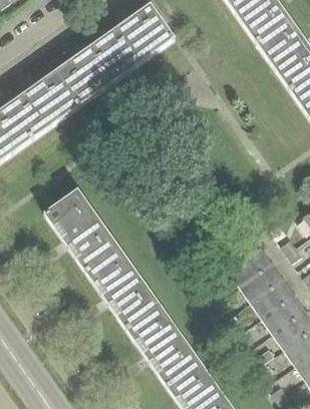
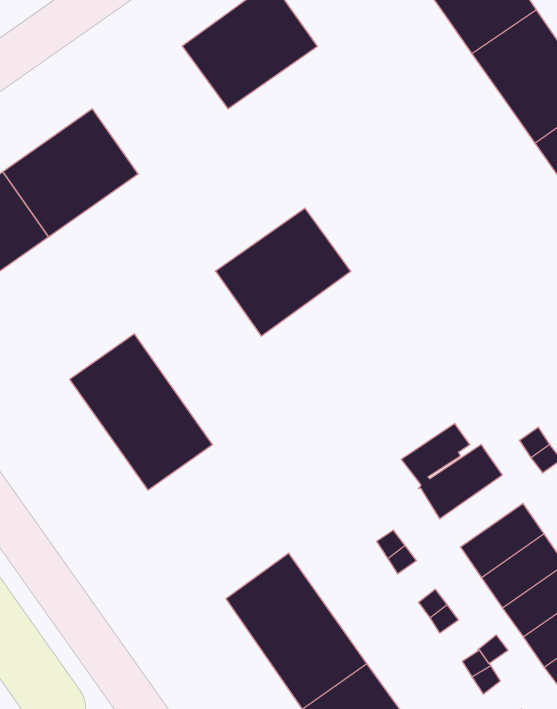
building: [56,38,127,105] -> [215,208,351,336]
building: [85,248,160,329] -> none
building: [239,264,283,302] -> none

